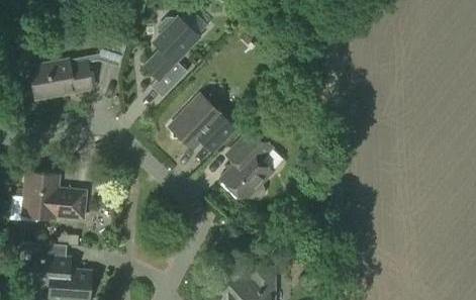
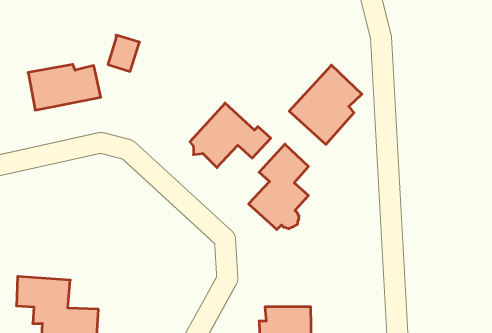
building: [146,17,199,98] -> none
building: none -> [289,65,362,144]
building: [23,172,88,218] -> none

